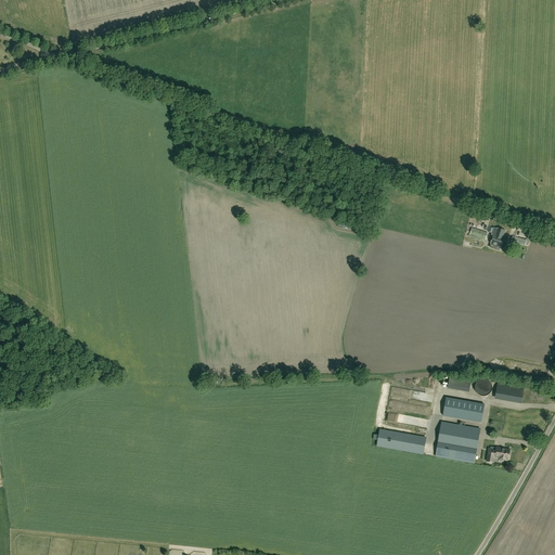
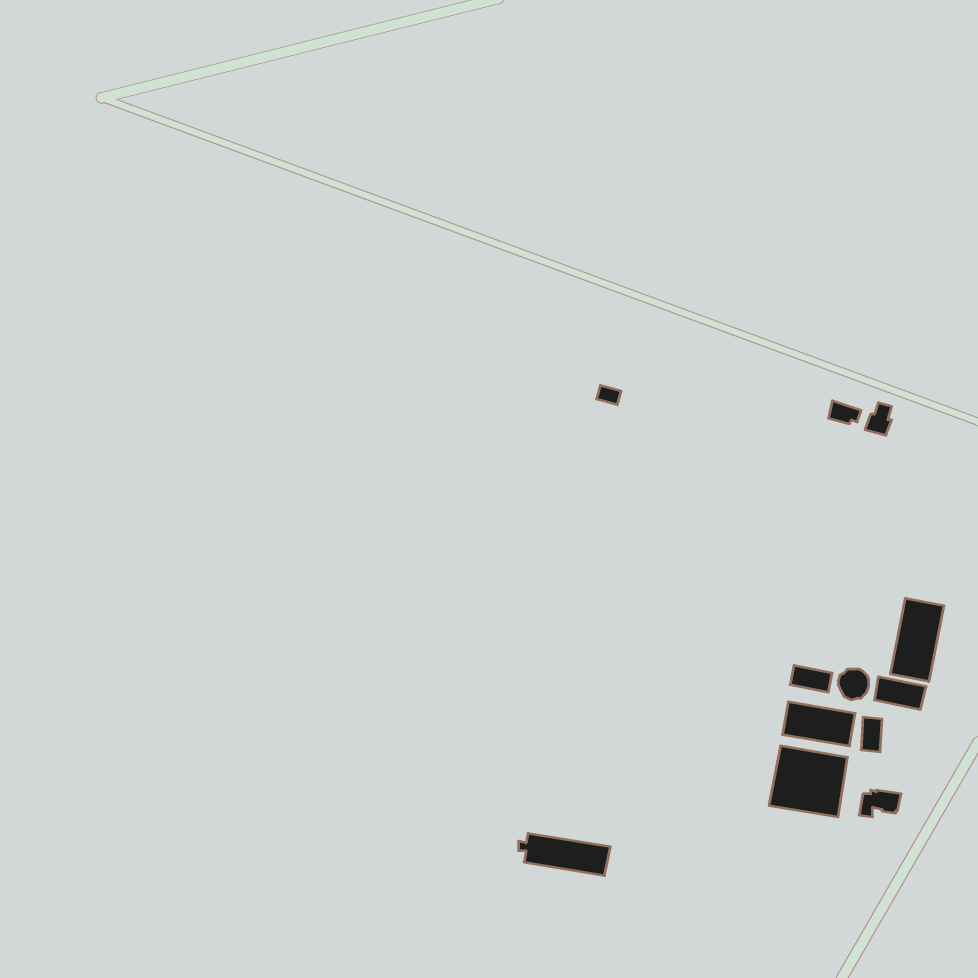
building: none -> [890,598,944,682]
building: [373,429,425,453] -> [518,833,610,876]

